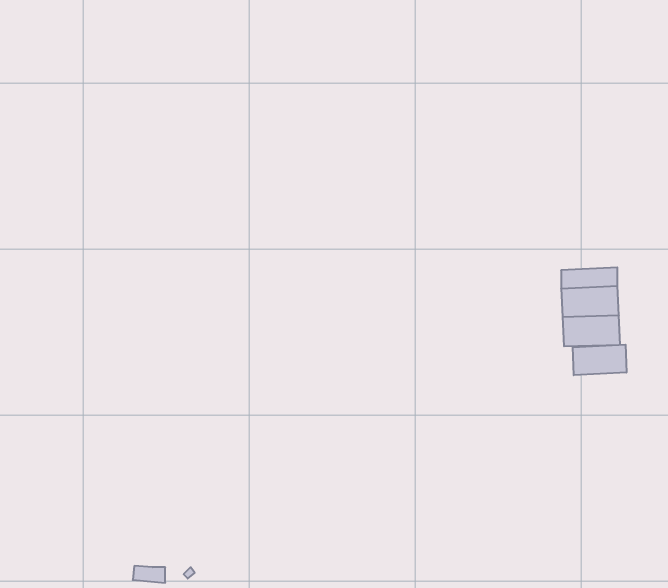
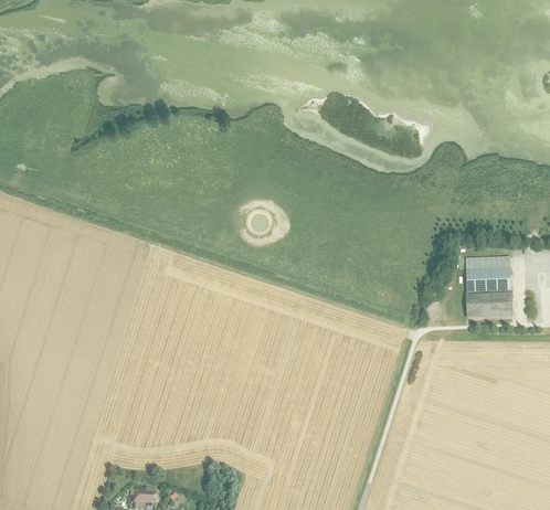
building: [573,345,626,375] -> none

